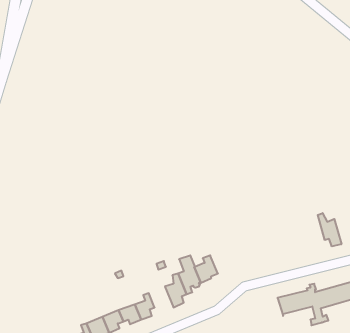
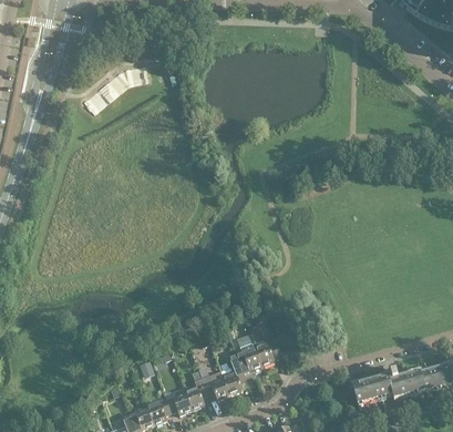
building: [318,213,341,246] -> none
building: none -> [199,370,228,399]

